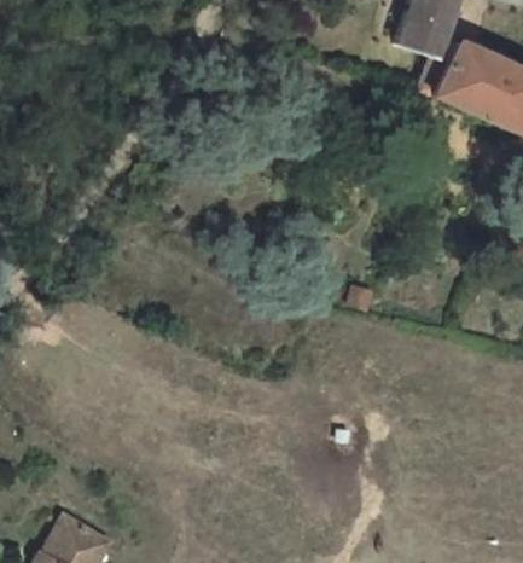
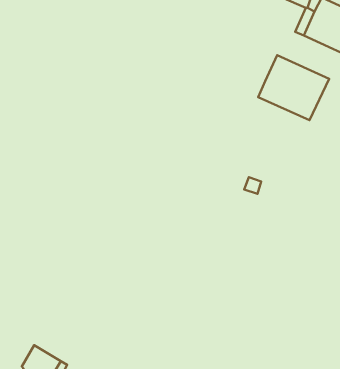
building: none -> [258,55,329,120]

